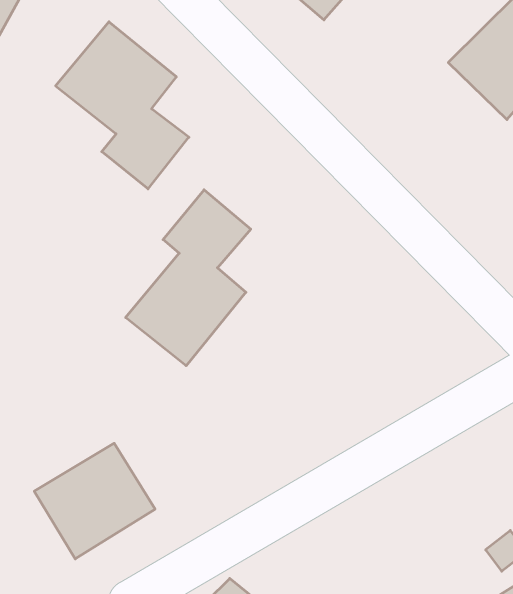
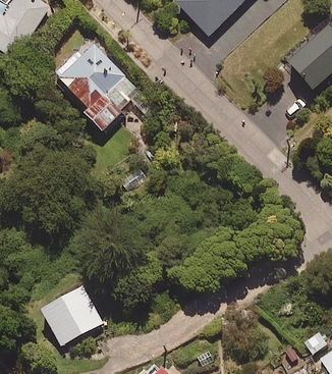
building: [126,190,251,366] -> none

